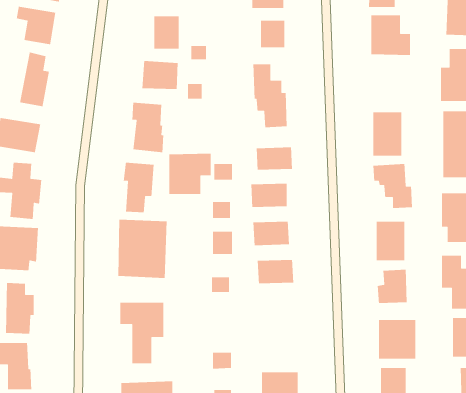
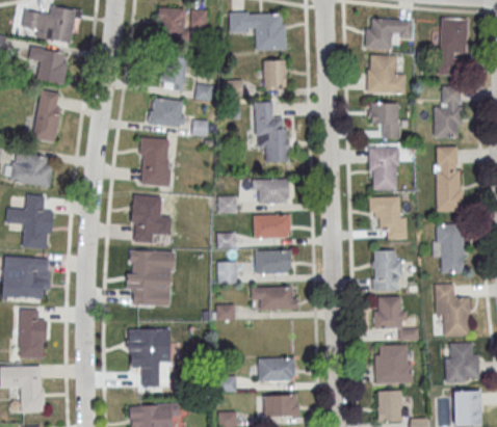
building: none -> [366,103,399,139]
building: [169,153,212,195] -> none
building: none -> [258,358,294,381]

